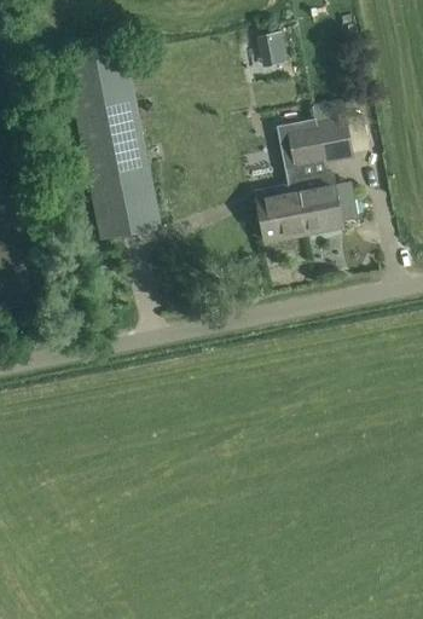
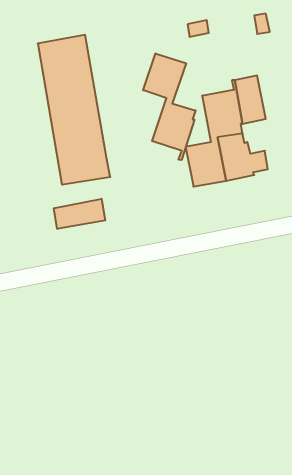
building: none -> [143,53,196,160]
building: none -> [54,199,105,229]

